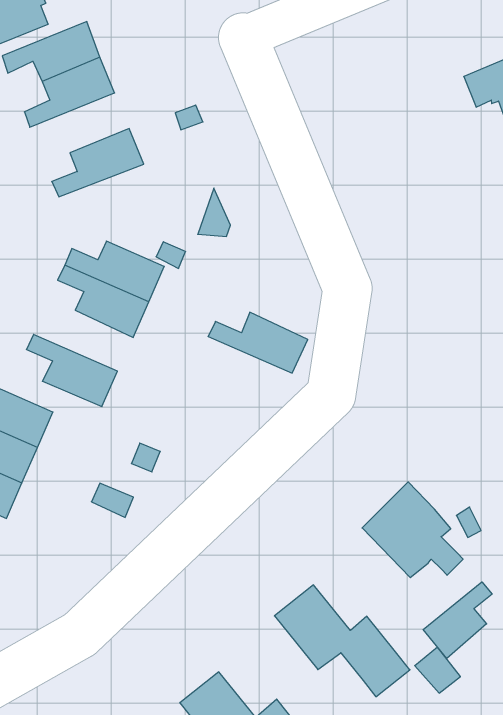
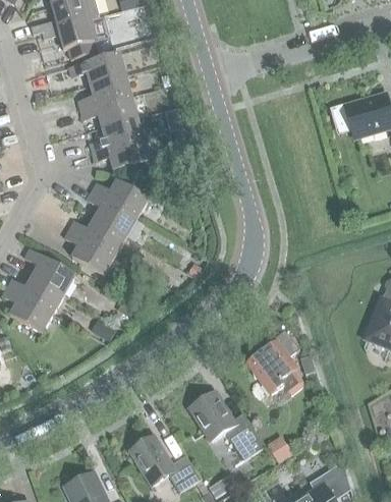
building: none -> [80,96,137,127]
building: none -> [93,138,149,170]
building: [208,312,308,373] -> [69,218,126,256]
building: [423,582,492,658] -> none

